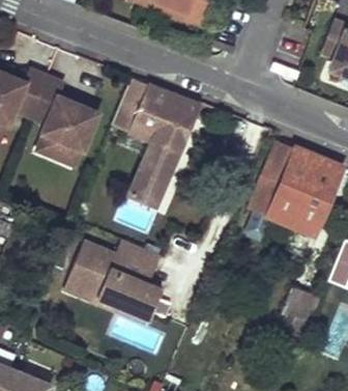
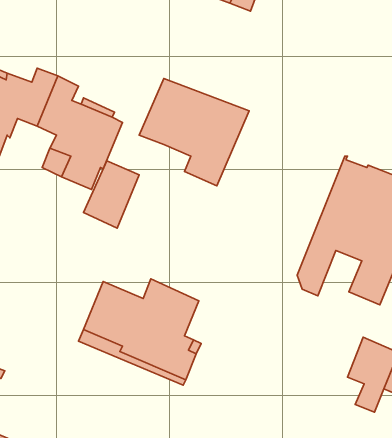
building: [129,152,174,206] -> [83,161,139,228]

